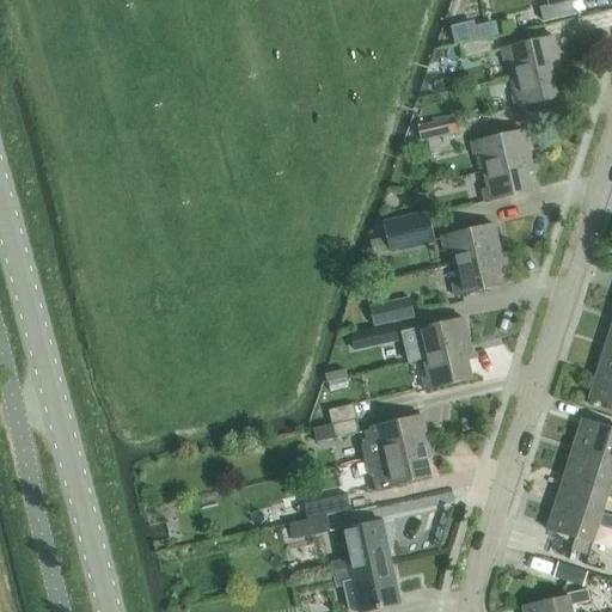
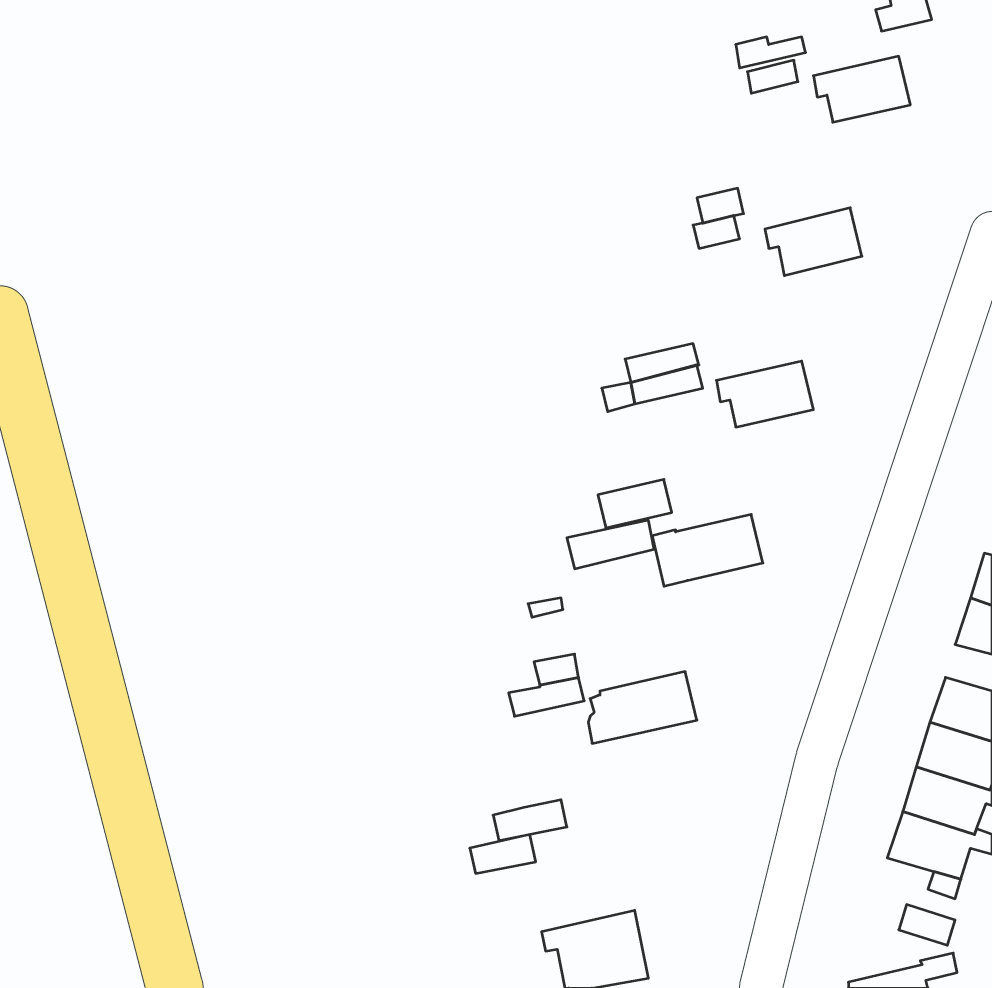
building: [512,65,563,106] -> none
building: [482,158,533,201] -> none
building: [452,252,503,294] -> none
building: [422,347,473,388] -> none
building: [365,443,432,491] -> none
building: [330,519,391,574] -> none

